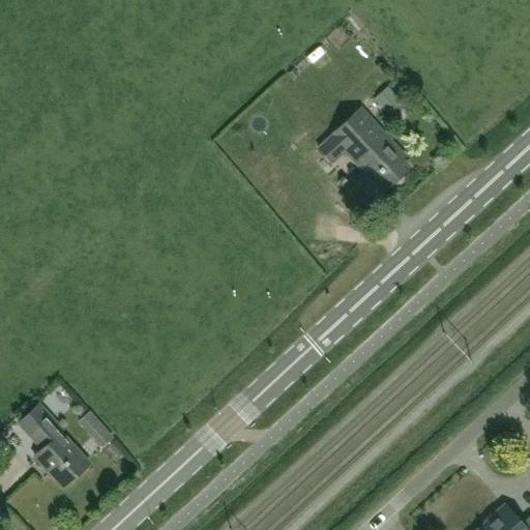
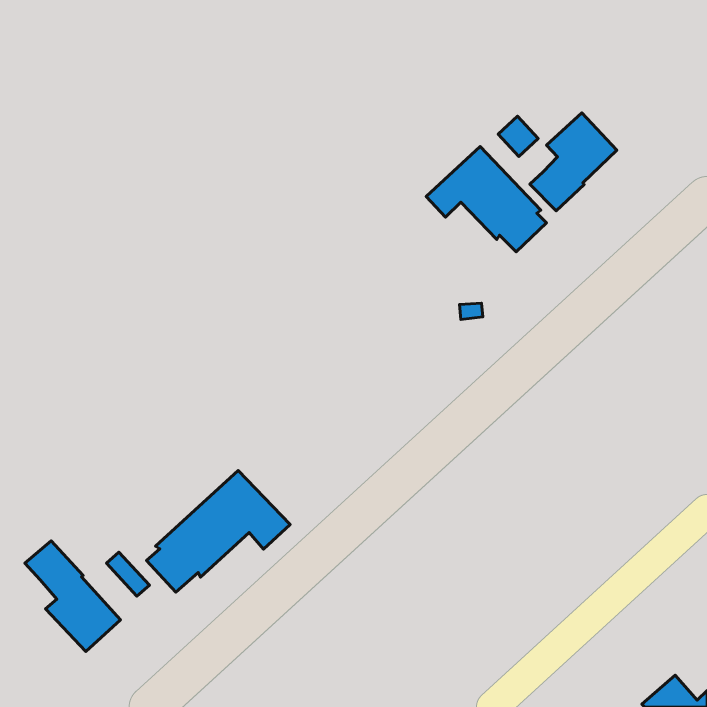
building: none -> [530,113,617,211]
building: none -> [147,470,290,592]

